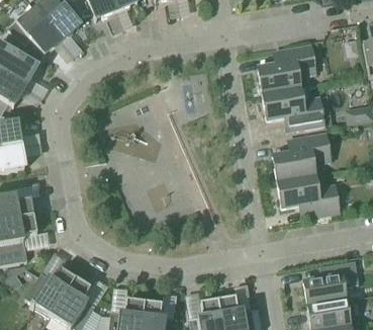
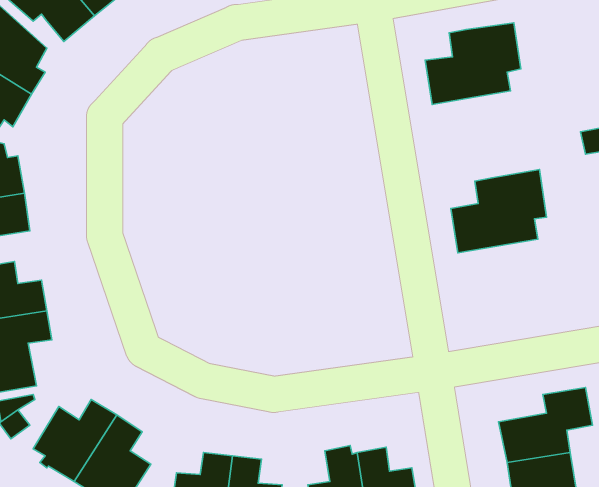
building: [262,84,323,130] -> none
building: [277,172,339,217] -> none

